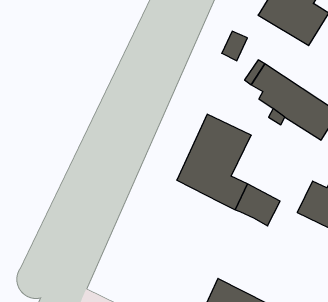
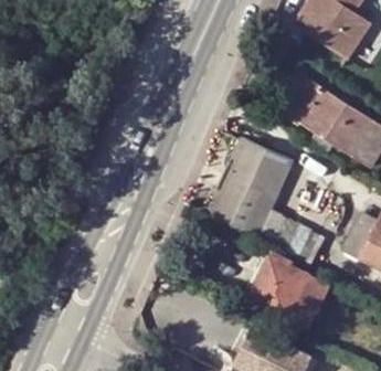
building: none -> [248,255,328,328]

